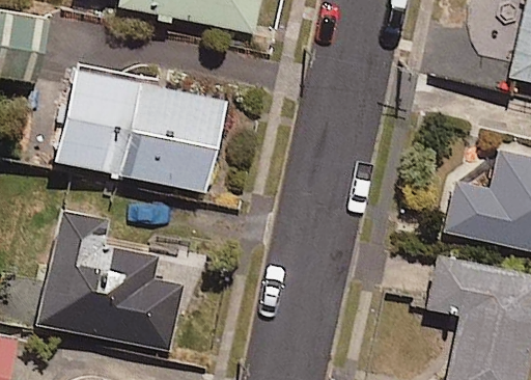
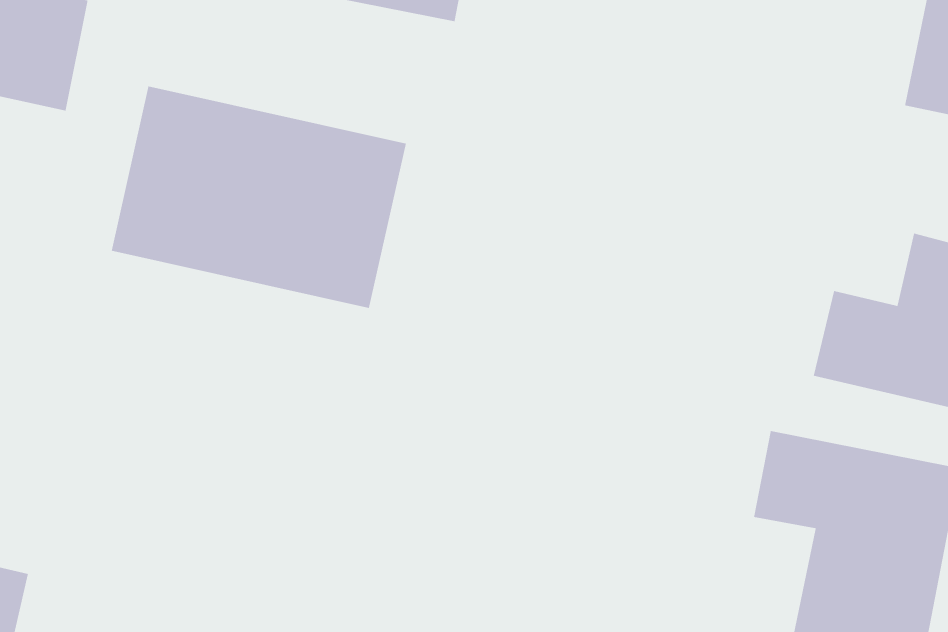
building: [43,213,184,349] -> none

